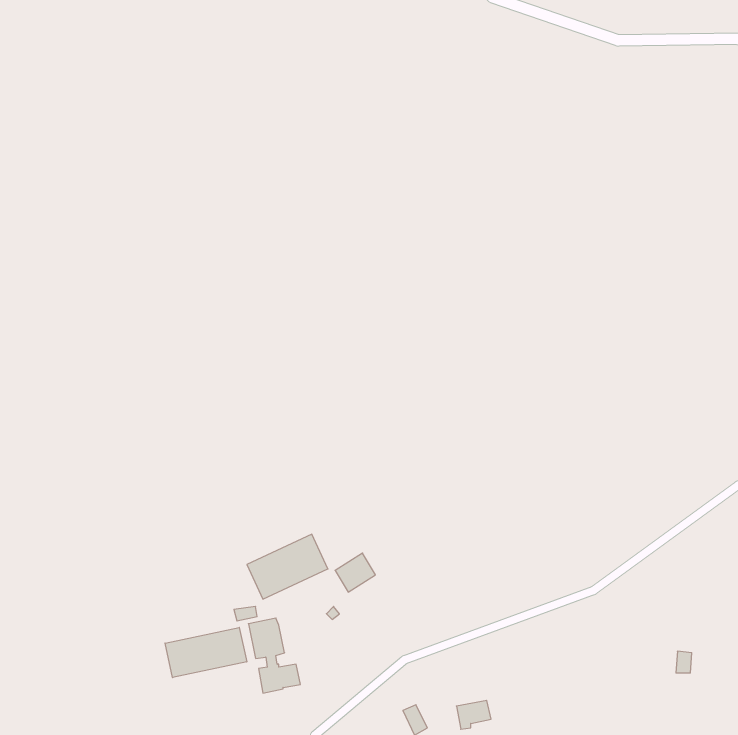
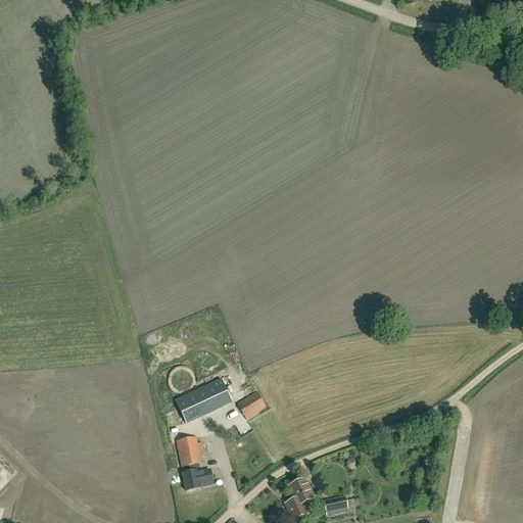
building: [165,627,247,678] -> none
building: none -> [288,478,313,515]

